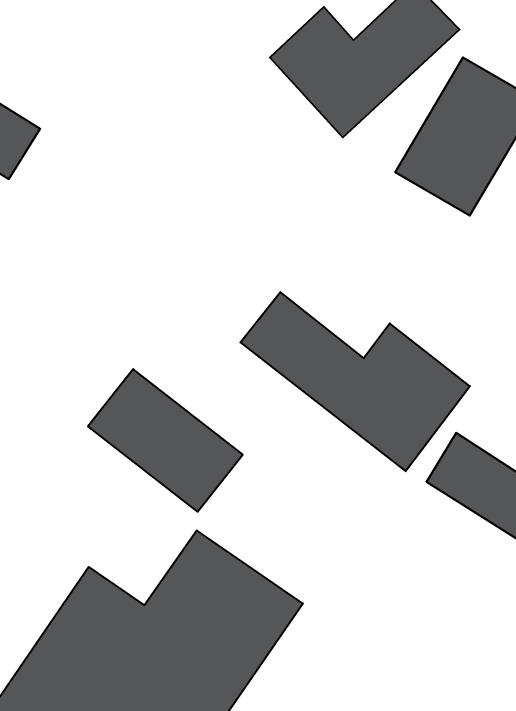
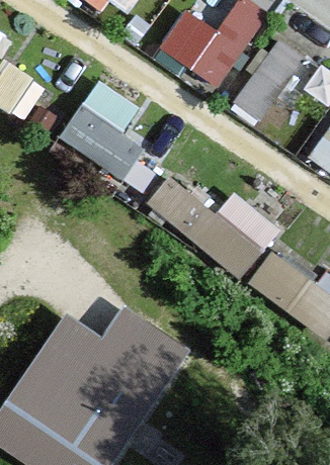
building: [88,369,243,512] -> [59,100,149,183]

